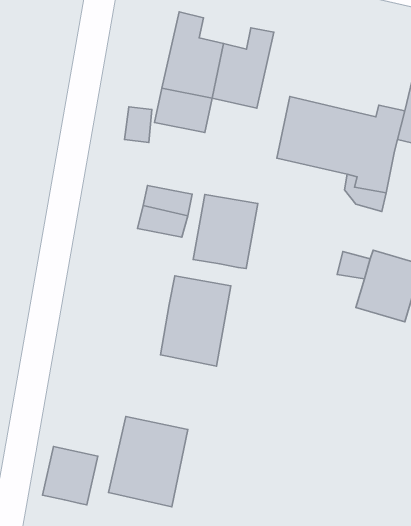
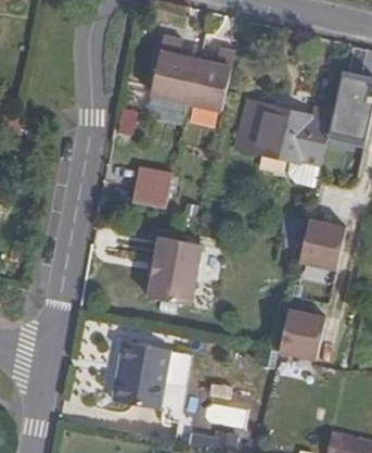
building: [193,194,258,268] -> none
building: none -> [278,309,325,360]
building: [42,446,98,505] -> none

